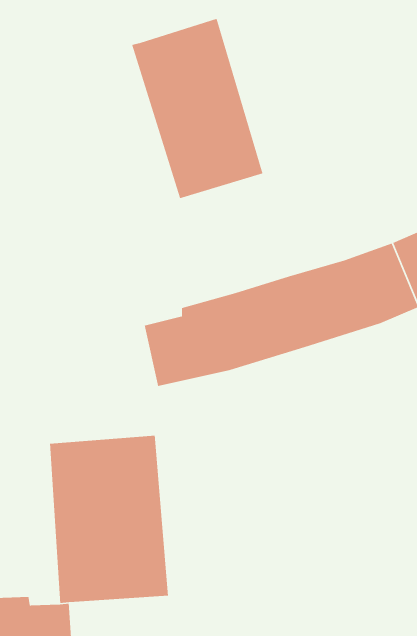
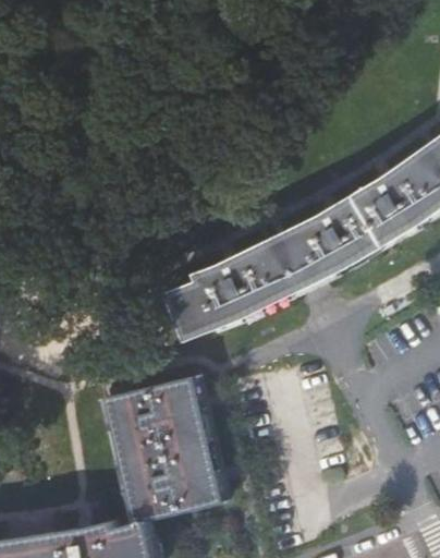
building: [131,18,264,199] -> none

